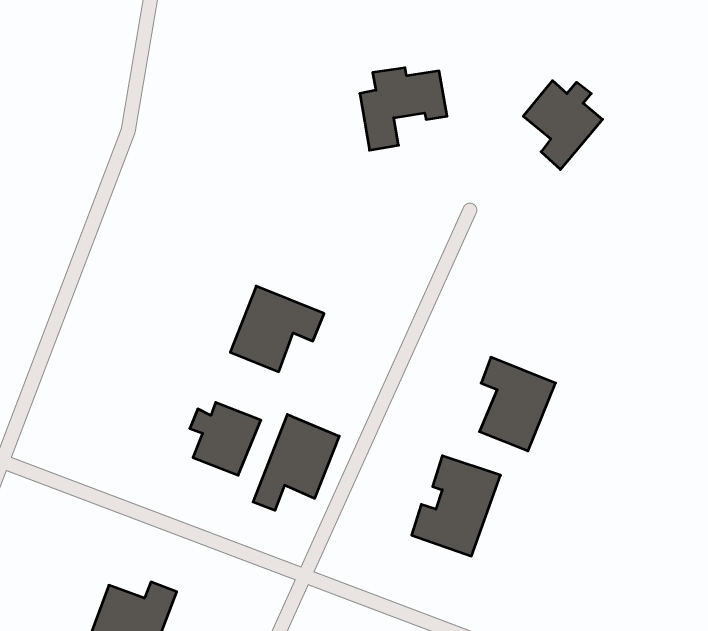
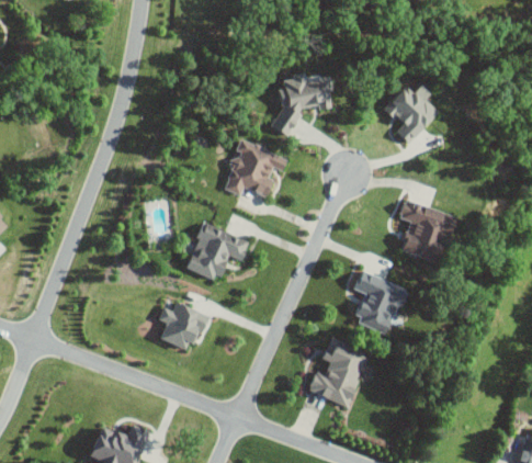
building: none -> [223,138,287,196]
building: none -> [399,200,456,263]
building: [253,414,339,510] -> none

